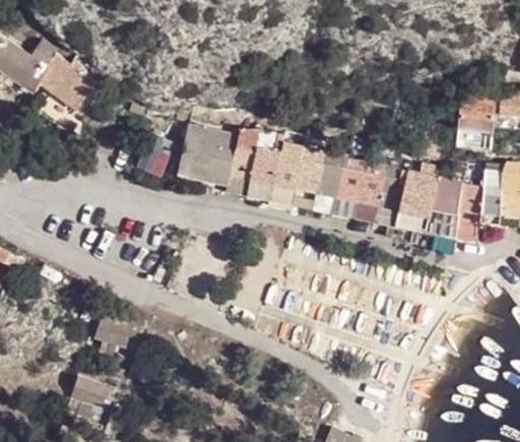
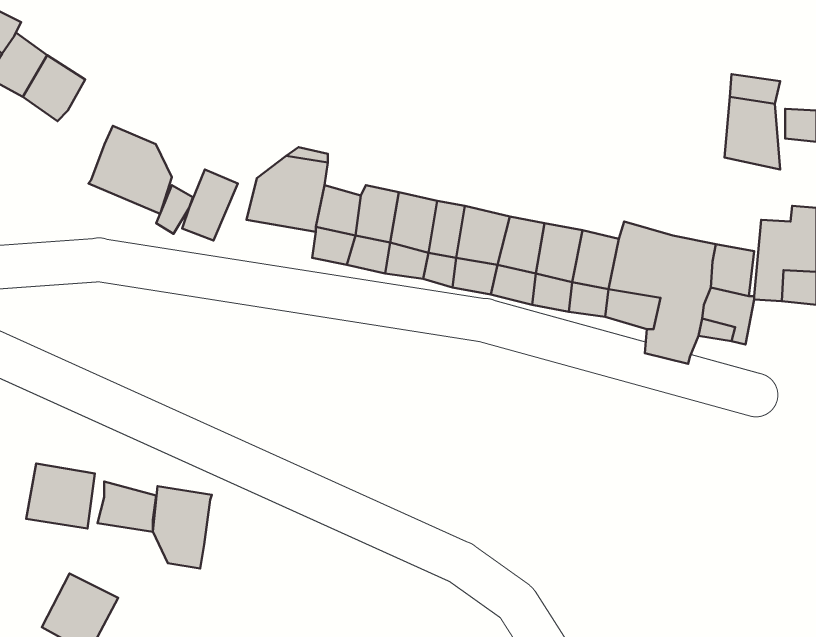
building: none -> [89,126,172,214]
building: none -> [26,464,95,529]
building: none -> [153,486,212,569]

